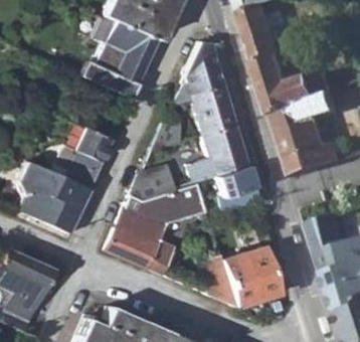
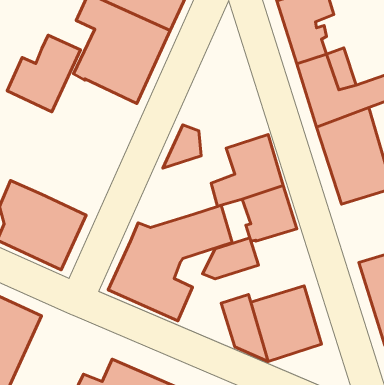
building: [174,41,236,134] -> none
building: [52,126,112,188] -> [7,35,80,112]
building: [131,165,176,198] -> [203,238,258,279]

